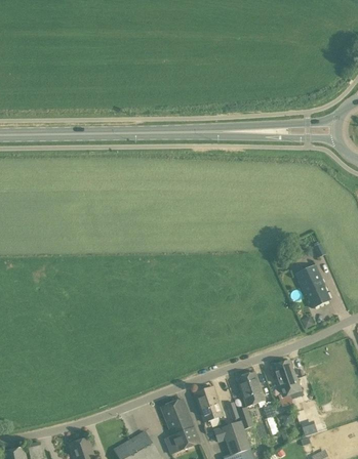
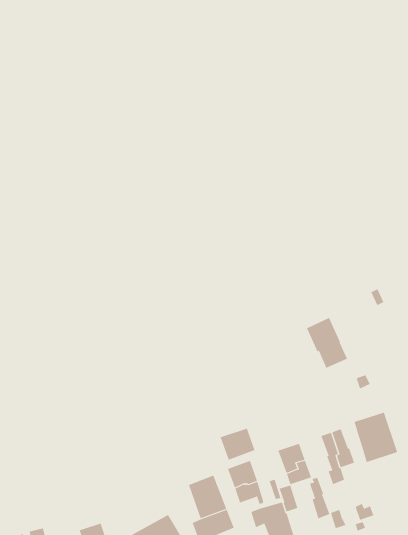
building: [296,265,331,308] -> [306,317,348,369]
building: none -> [354,412,398,463]
building: none -> [220,428,255,461]

